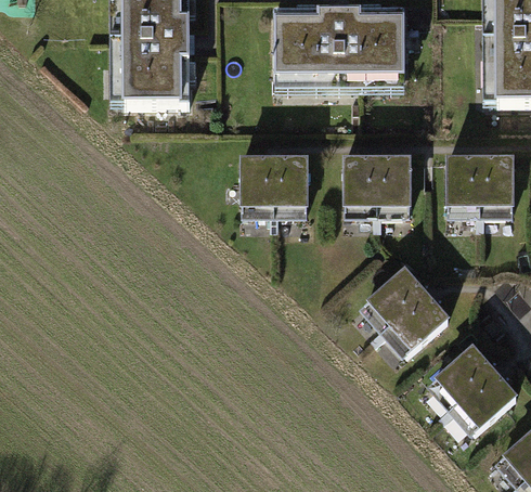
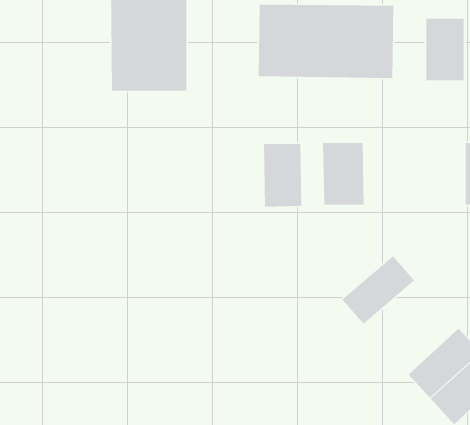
building: [376,151,416,217] -> none
building: [440,152,480,217] -> [425,18,465,81]
building: [235,153,274,219] -> none
building: [376,294,453,366] -> none

